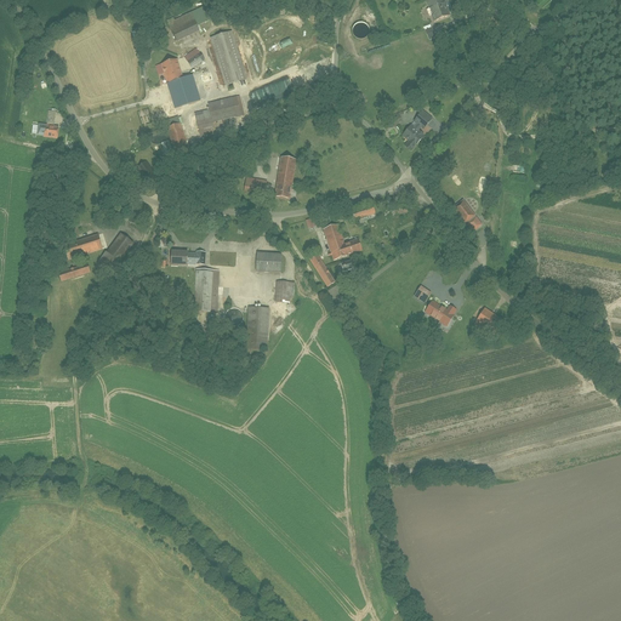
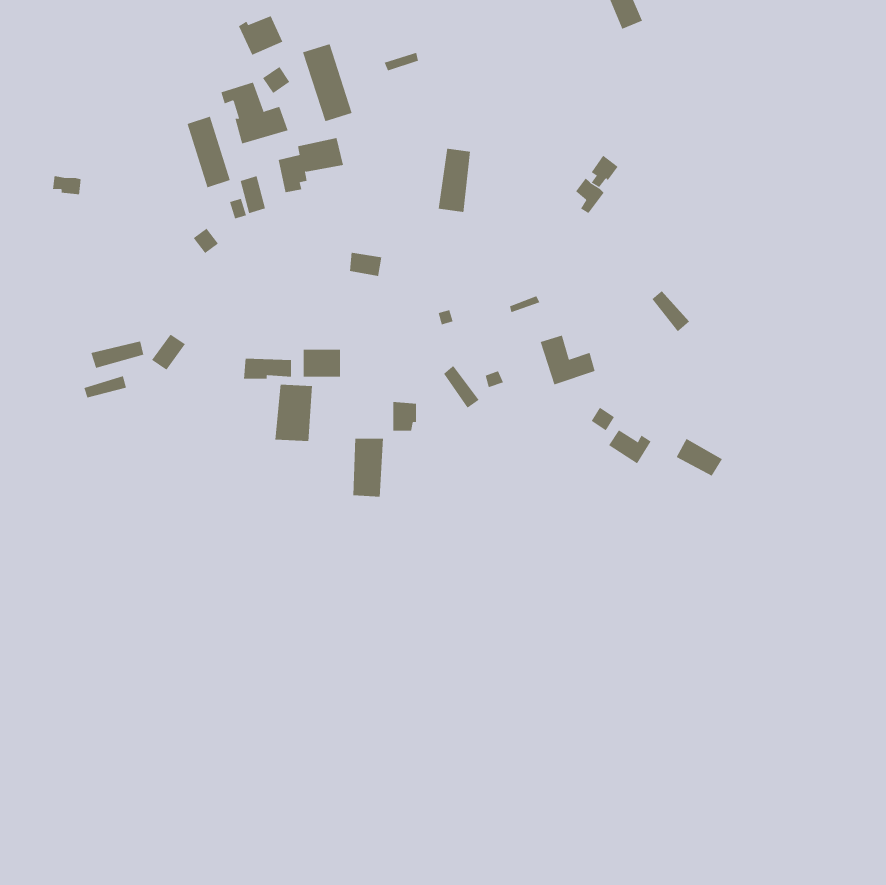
building: none -> [187,116,231,188]
building: [274,154,297,199] -> [438,148,471,212]
building: [323,224,361,260] -> [540,335,596,385]
building: [256,251,283,270] -> [303,349,341,377]

